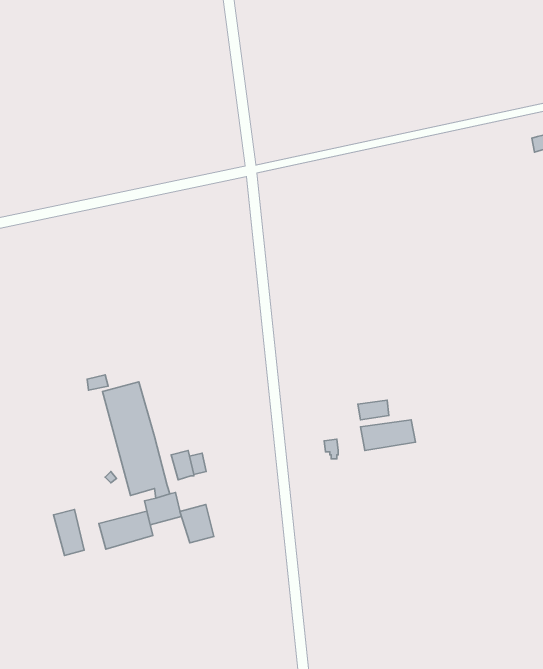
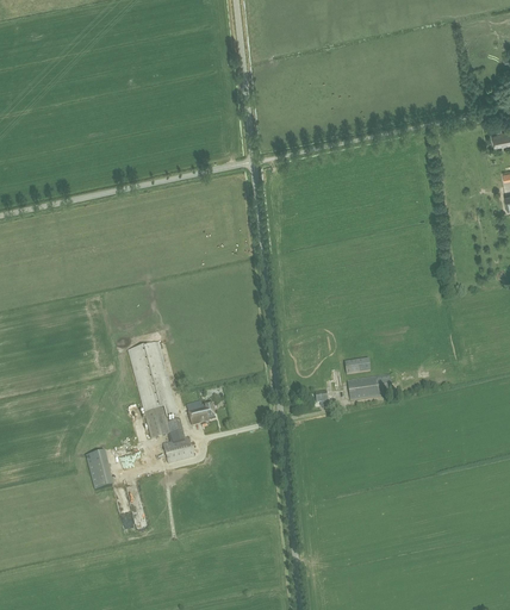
building: [180,505,214,543] -> none
building: [99,511,153,549] -> none

